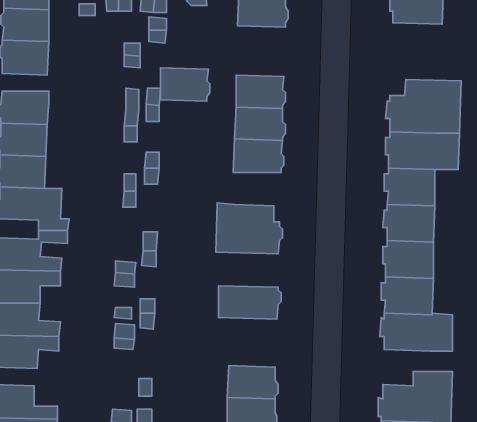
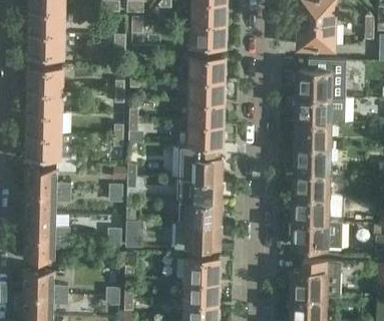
building: none -> [297,23,334,50]
building: [161,68,210,101] -> [193,25,227,48]
building: none -> [188,126,225,149]
building: none -> [176,182,223,206]
building: none -> [175,227,222,250]

